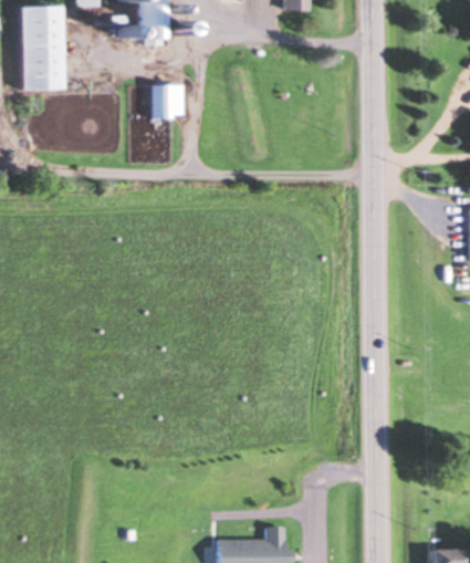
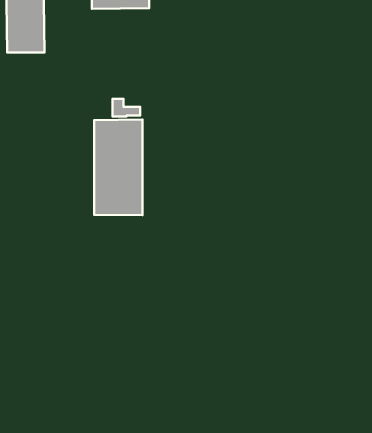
building: [153,84,184,118] -> none
building: none -> [94,119,142,215]

